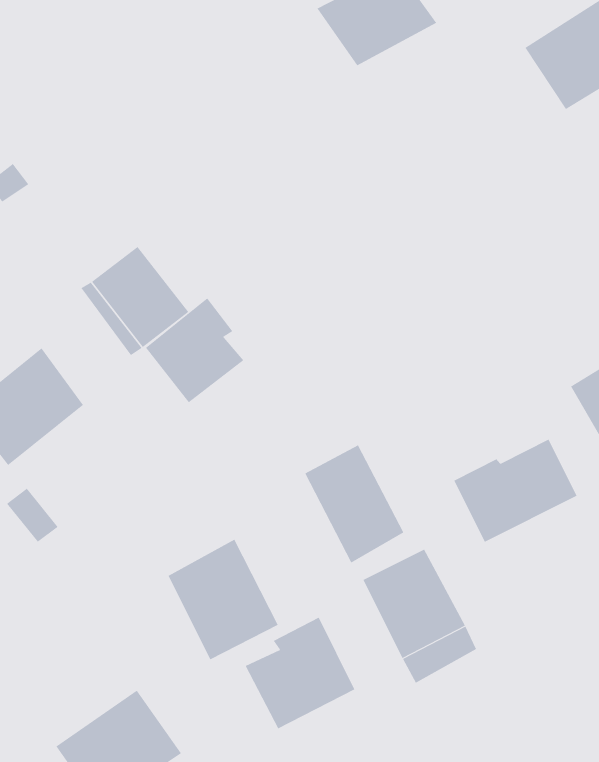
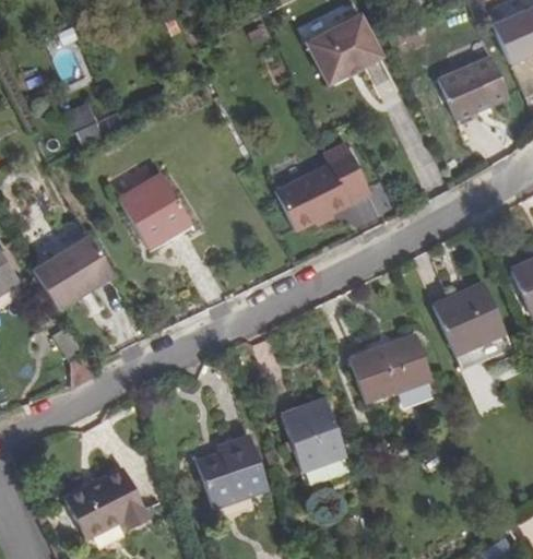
building: none -> [272,148,372,233]
building: [145,298,244,403] -> none
building: [305,444,404,564] -> none
building: [168,539,278,660] -> none

